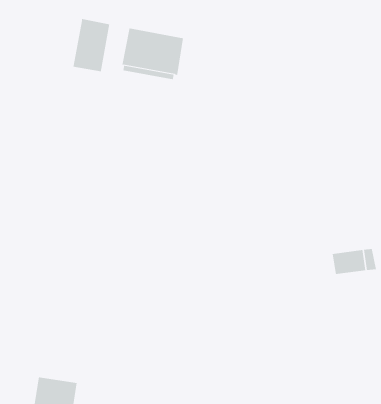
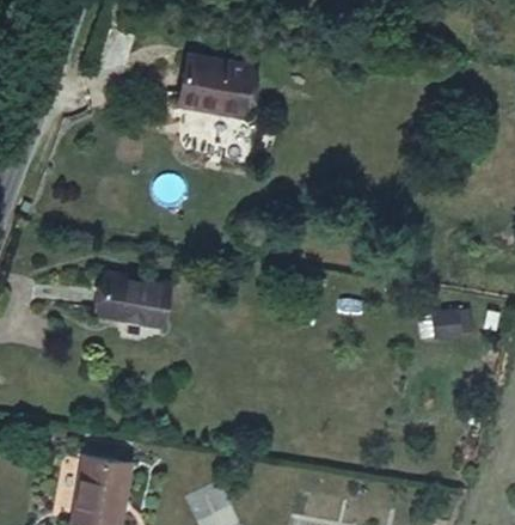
building: [73,18,110,72] -> none
building: none -> [102,275,171,323]

